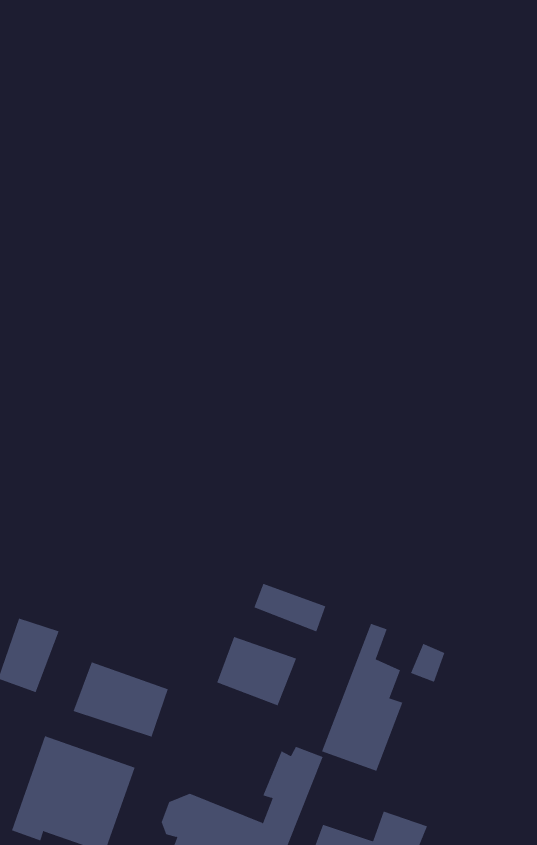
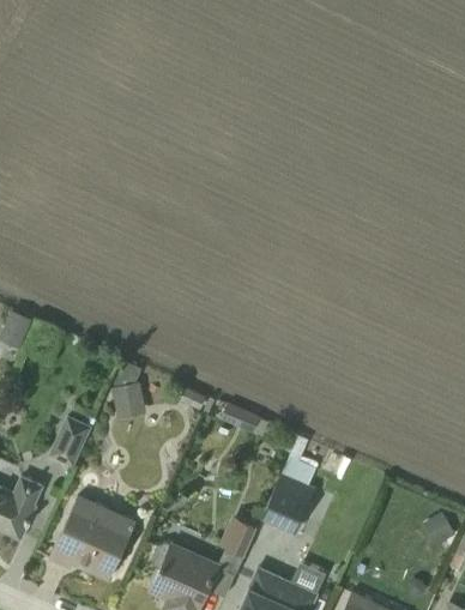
building: none -> [111,380,149,418]
building: [216,636,297,706] -> none
building: [73,661,169,737] -> none

